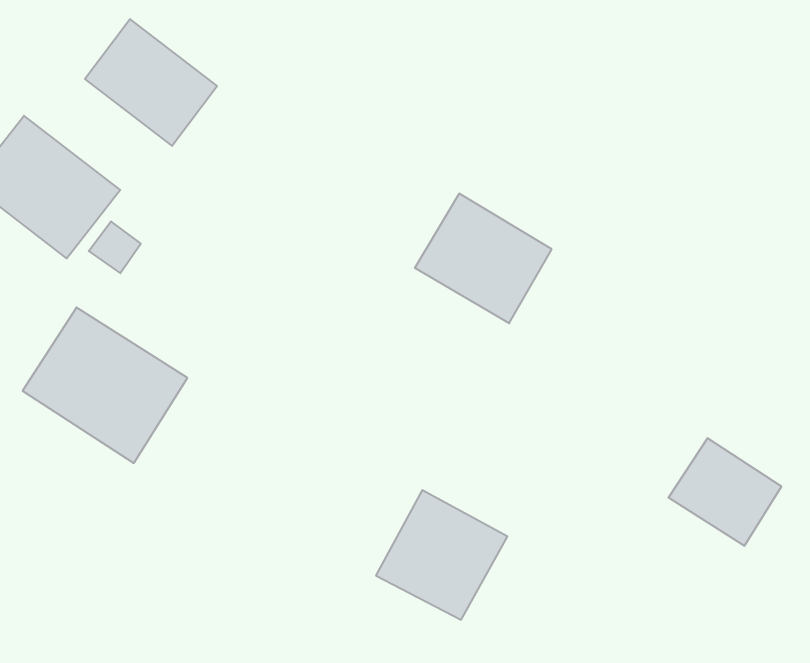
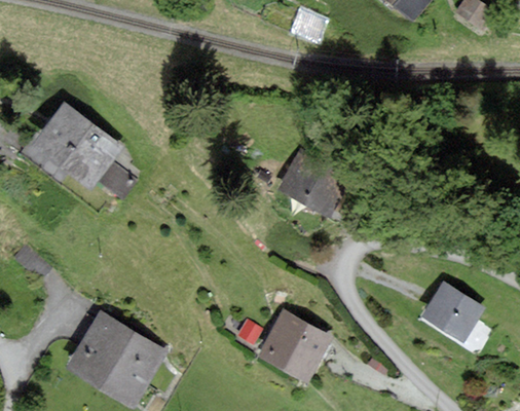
building: [85,19,217,146] -> none
building: [23,307,187,463] -> [71,314,162,401]

